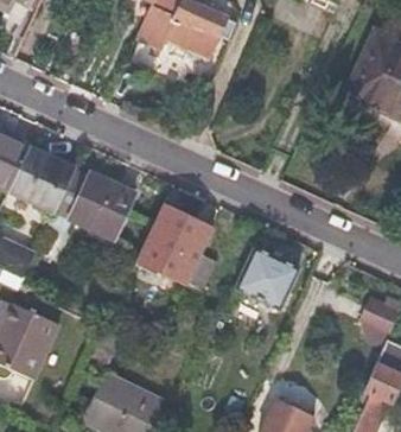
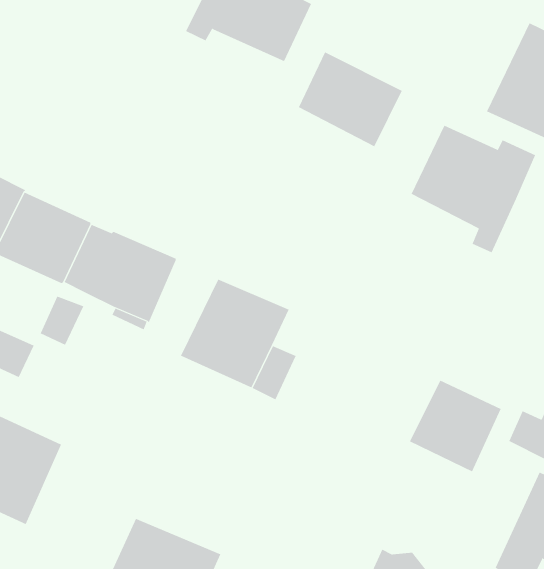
building: none -> [298,52,403,147]
building: none -> [411,125,536,253]
building: [233,247,297,311] -> [409,380,502,472]

